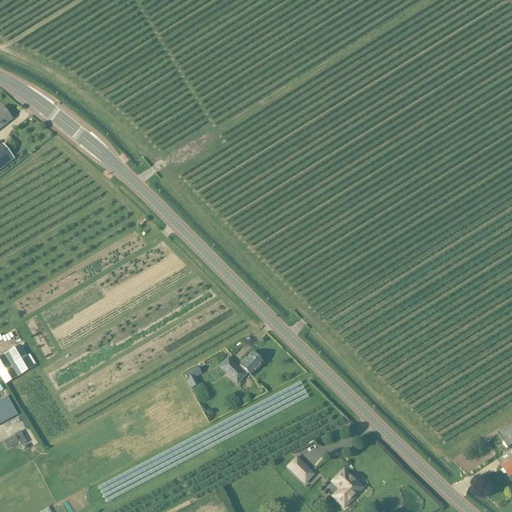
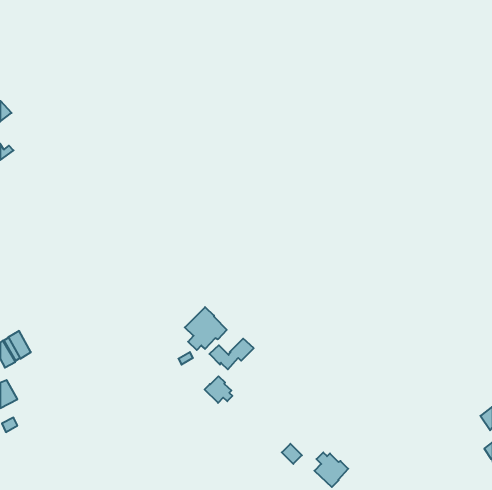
building: none -> [185,307,227,350]
building: none -> [205,376,232,403]

